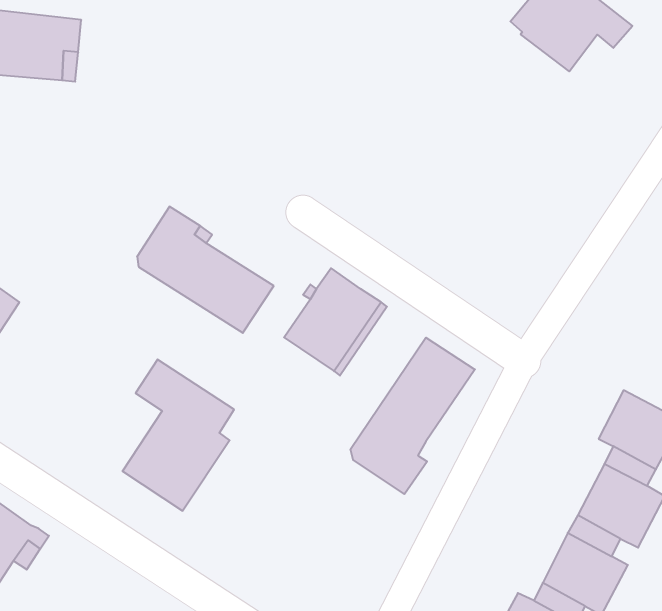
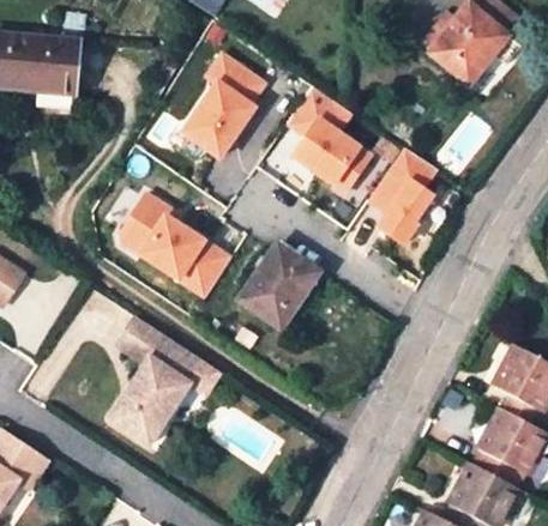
building: none -> [181,53,263,156]
building: none -> [289,85,369,188]
building: none -> [369,146,438,243]
building: [350,338,475,494] -> none

